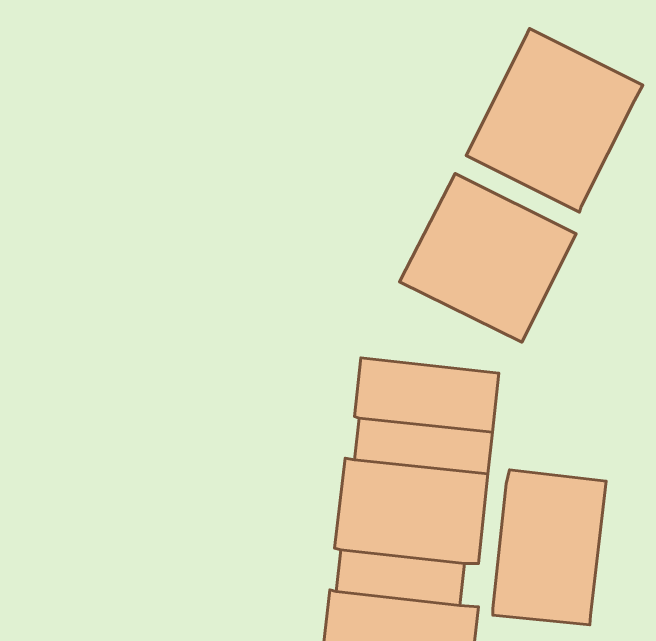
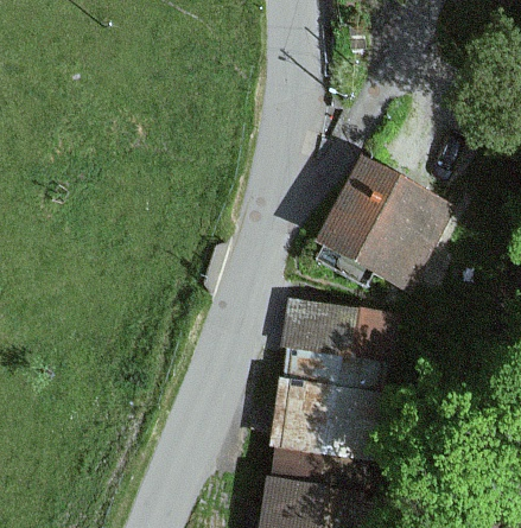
building: [466,28,643,212] -> none
building: [493,470,606,625] -> none

